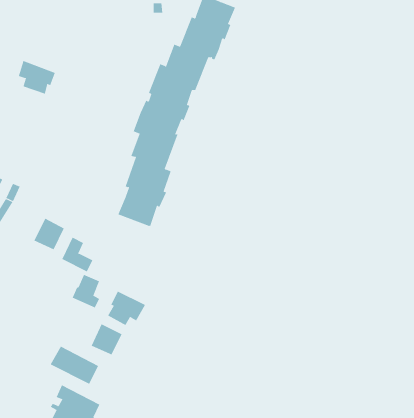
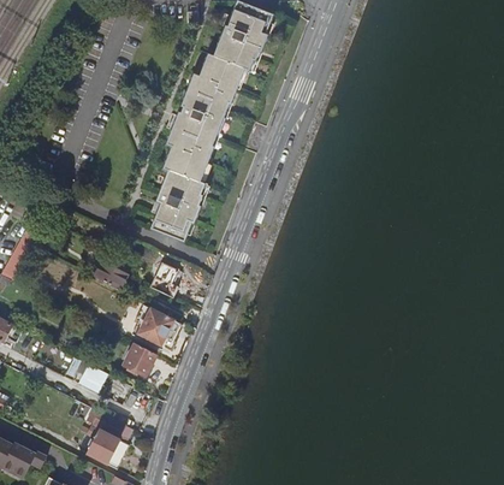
building: [18,60,55,94] -> none
building: [34,218,65,250] -> none
building: [72,274,100,308] -> [148,262,177,297]

